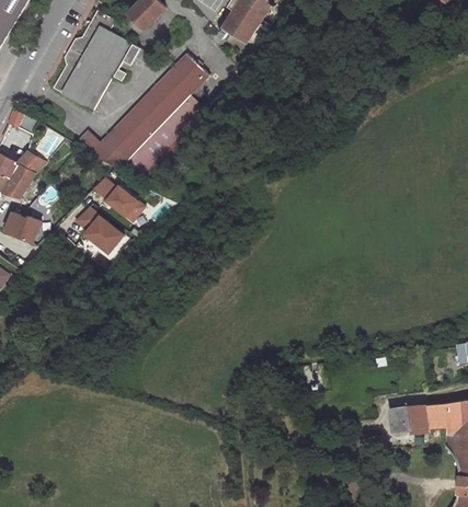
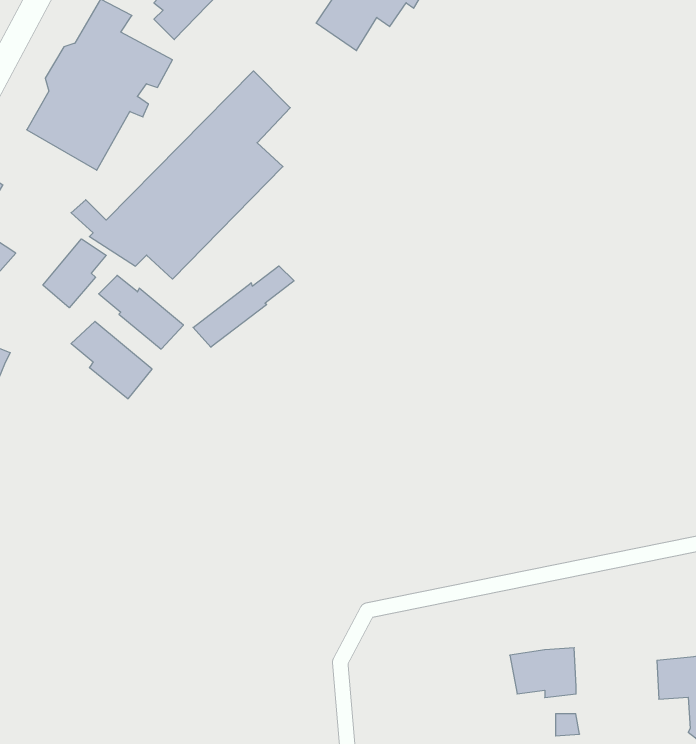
building: none -> [43,239,106,308]
building: none -> [193,266,294,347]
building: [388,404,427,434] -> [510,648,576,698]

